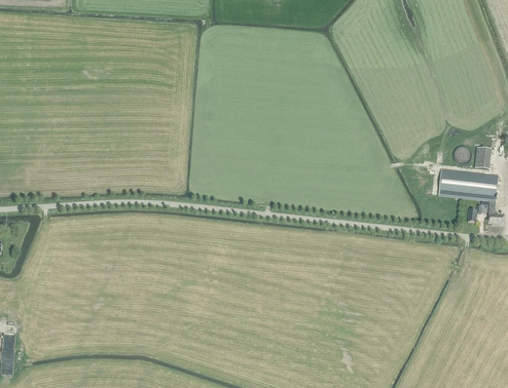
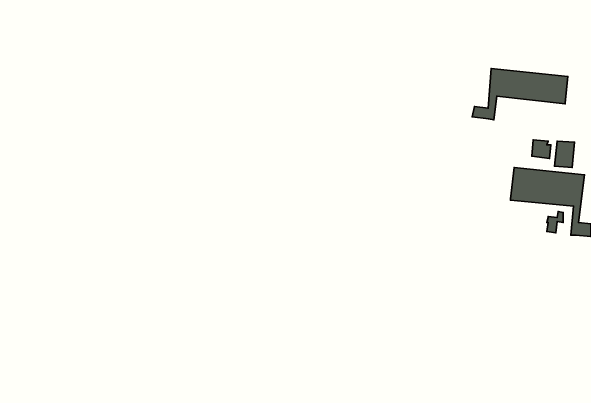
building: none -> [472,68,568,120]

